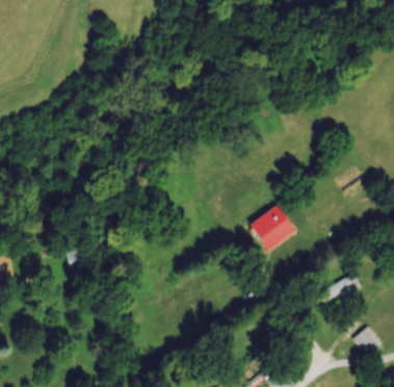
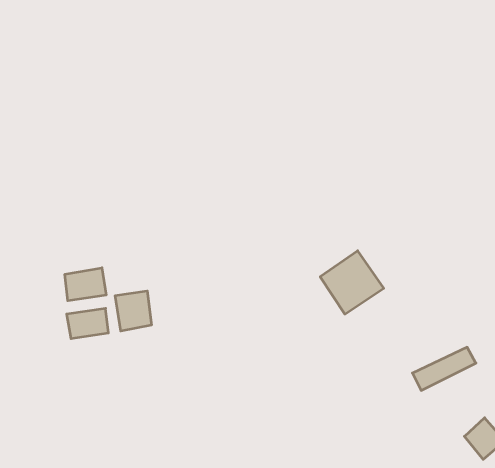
building: none -> [65,268,106,301]
building: none -> [115,291,151,331]

